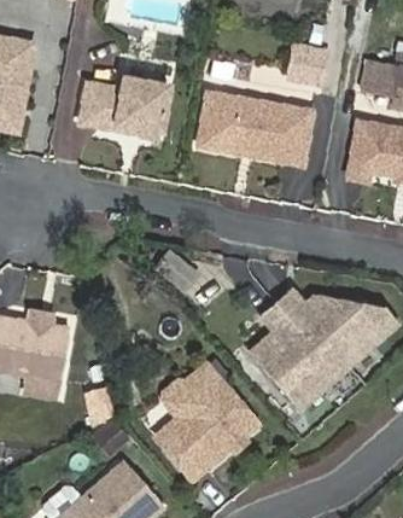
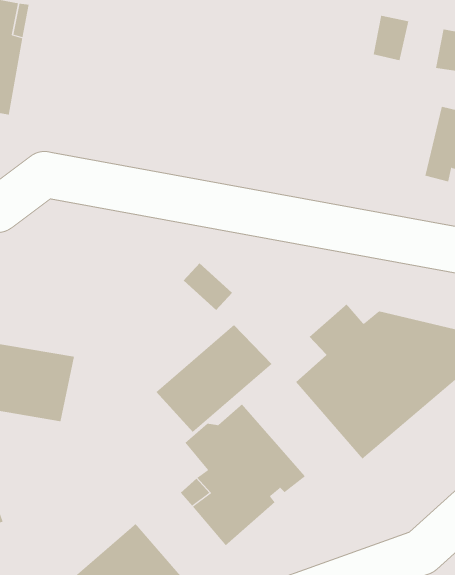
building: [81,86,169,139] -> none
building: [200,94,315,162] -> none
building: none -> [156,324,272,433]

